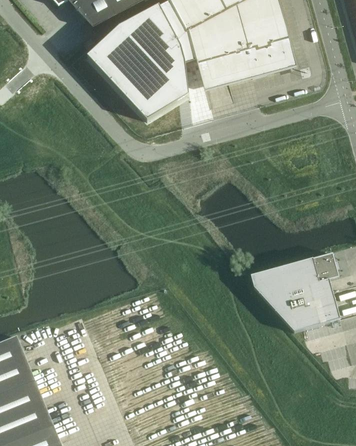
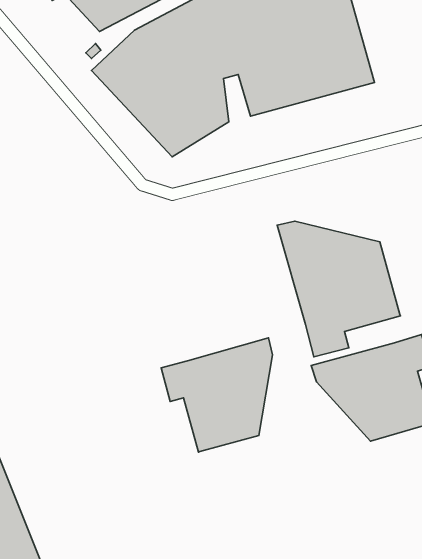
building: none -> [277,221,401,357]
building: none -> [161,338,272,452]

